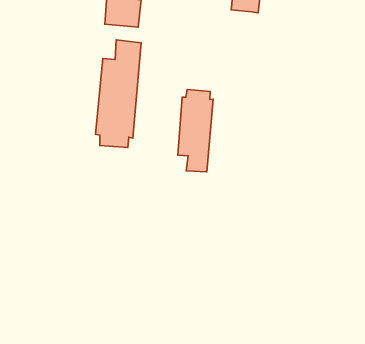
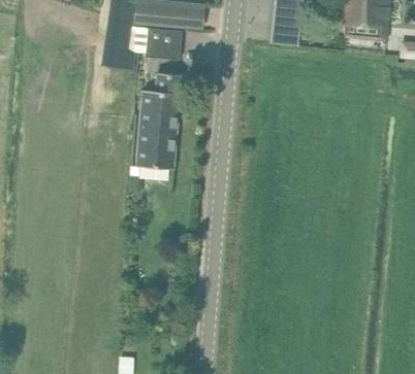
building: [178,89,213,172] -> none

